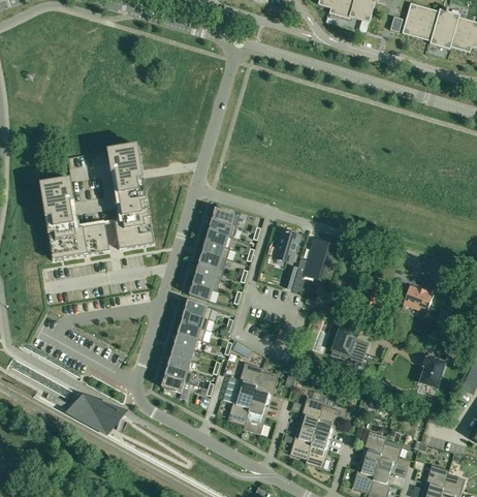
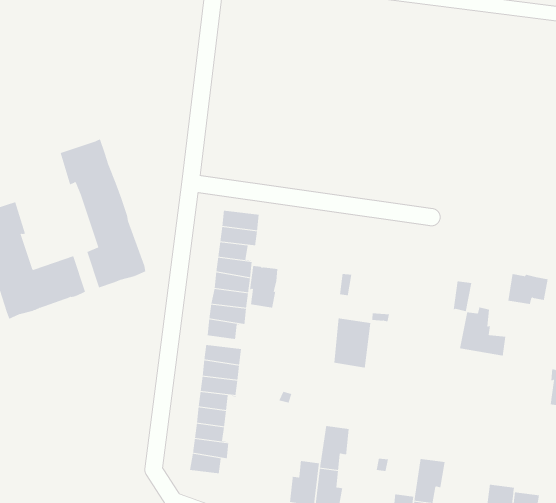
building: [276,229,299,261] -> [249,266,278,308]
building: [303,242,333,280] -> [333,318,371,368]
building: [331,327,365,364] -> [459,307,506,356]
building: [240,362,262,396] -> none
building: [301,396,323,430] -> none

